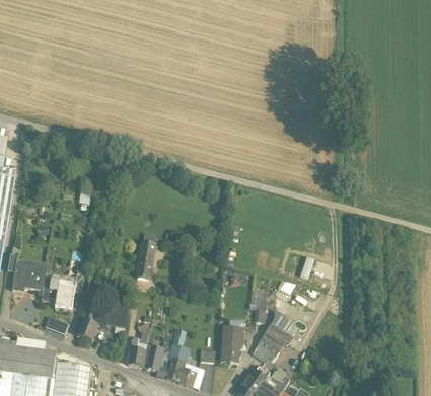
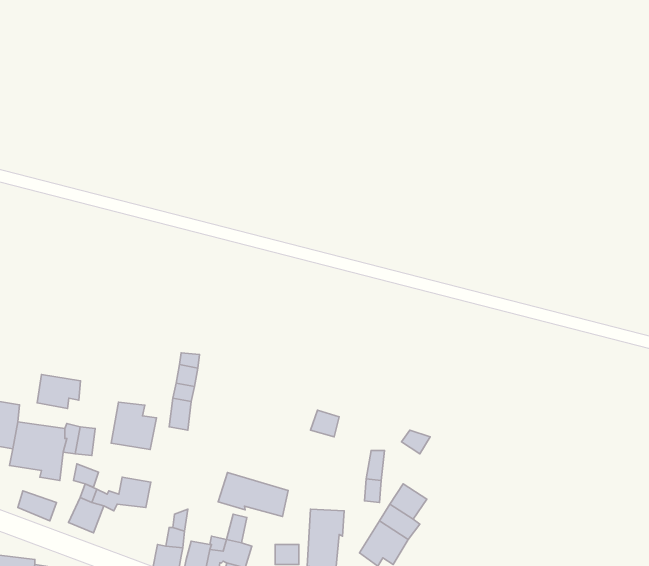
building: none -> [37,374,80,408]
building: none -> [111,402,156,450]
building: none -> [218,472,288,516]

